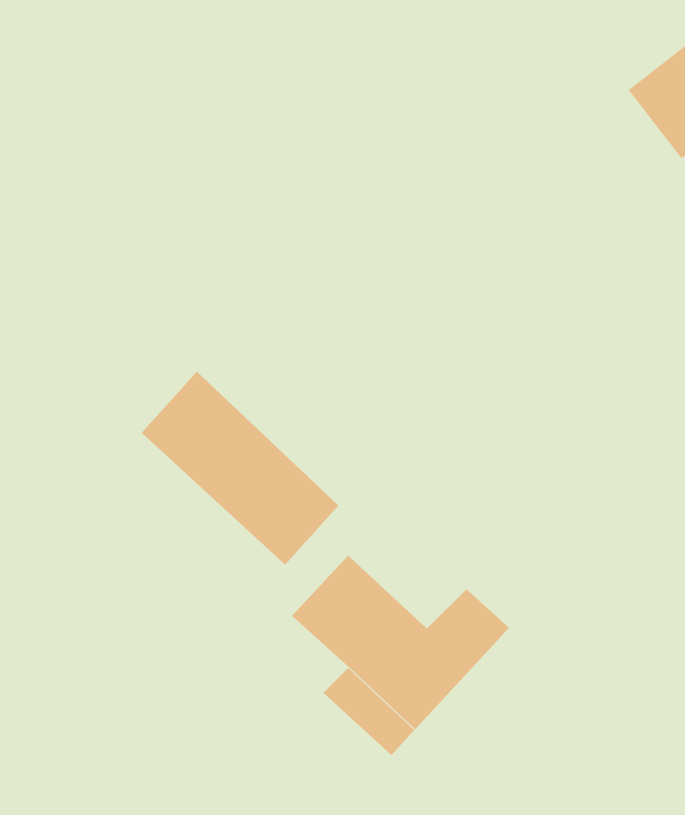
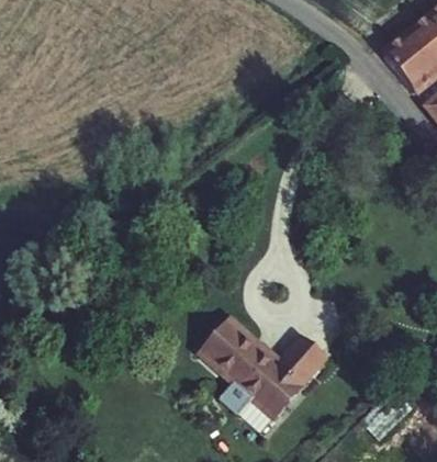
building: [141,371,339,566] -> none

